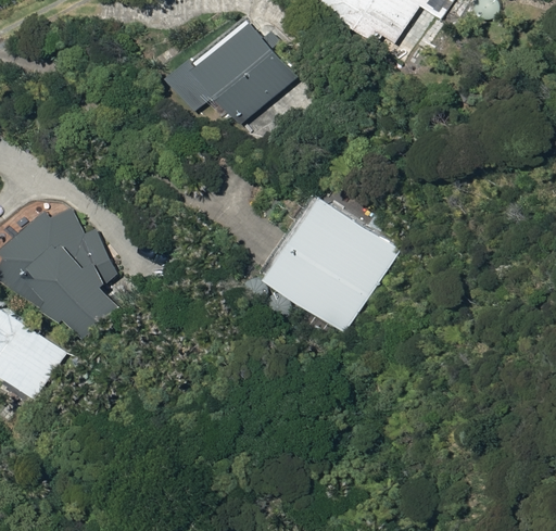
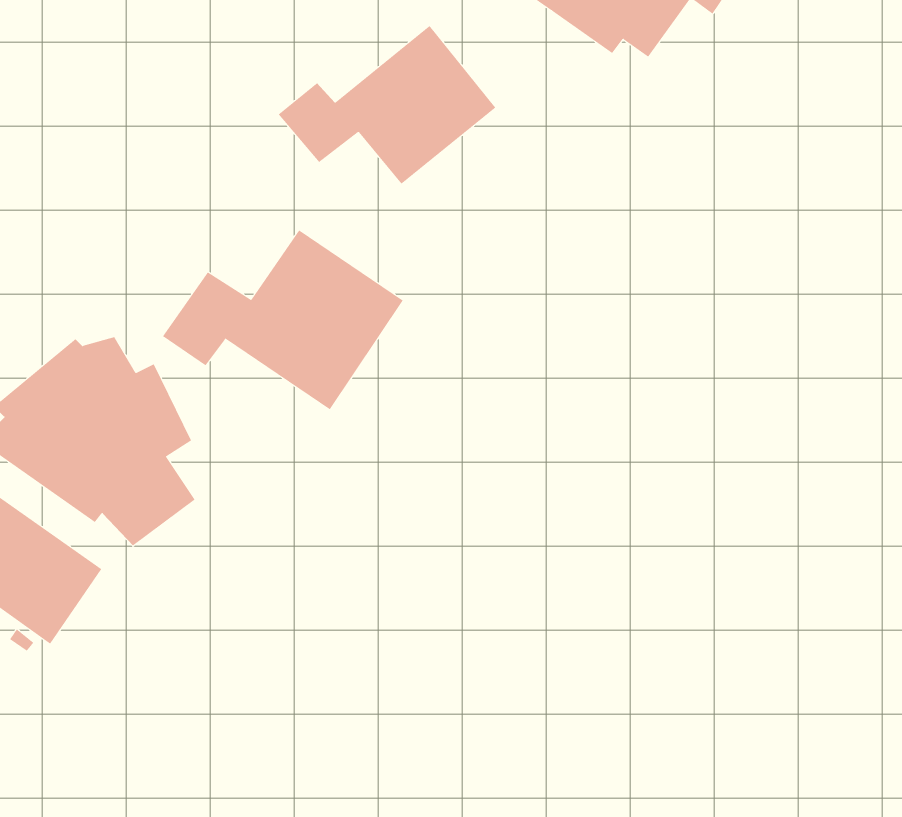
building: none -> [162,230,404,410]
building: [260,194,390,326] -> none

